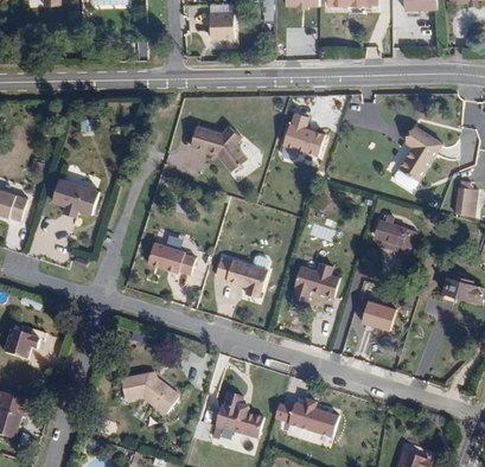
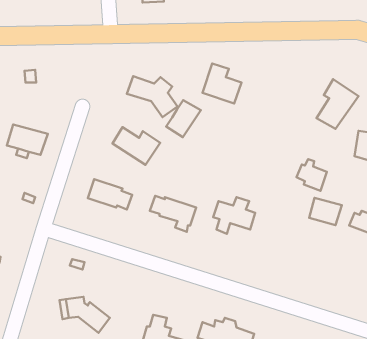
building: none -> [166,100,201,137]
building: none -> [113,127,160,165]
building: [357,299,394,330] -> [309,198,342,225]

